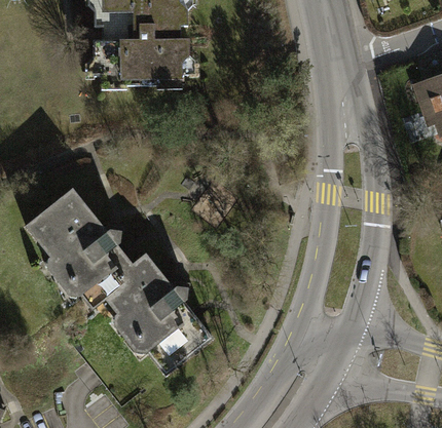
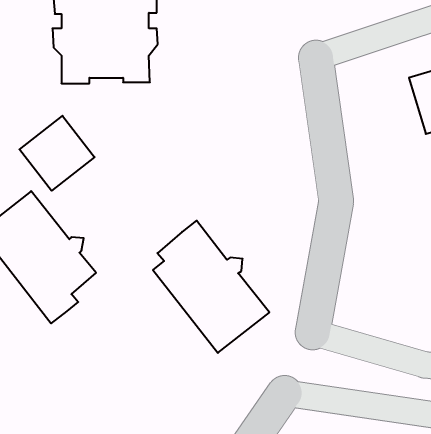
building: none -> [19,116,95,191]
building: [105,251,212,373] -> [153,221,269,353]

